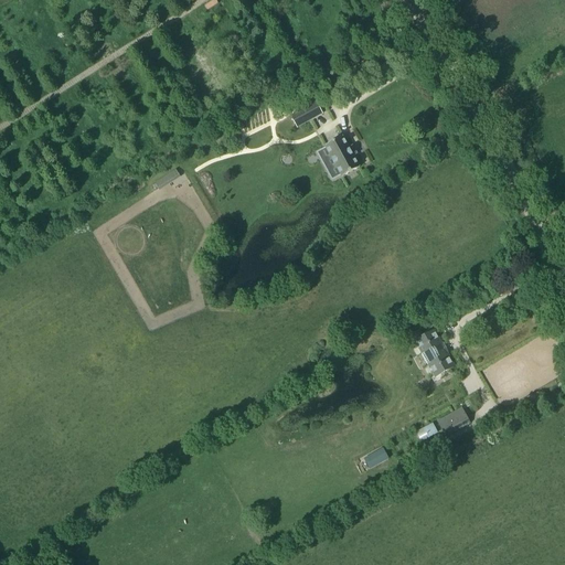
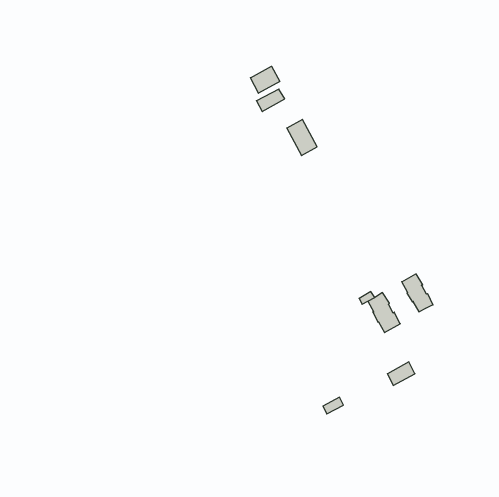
building: none -> [250,66,280,93]
building: none -> [402,274,433,312]

